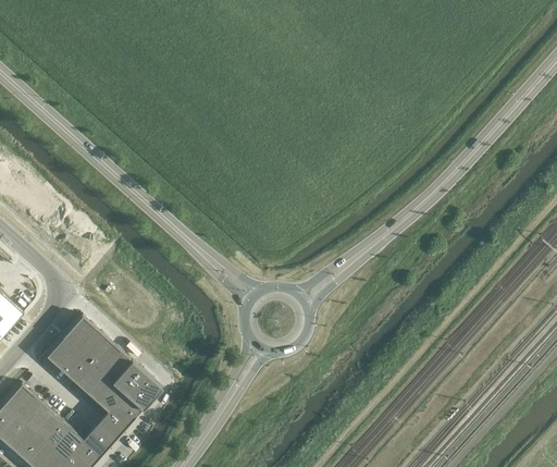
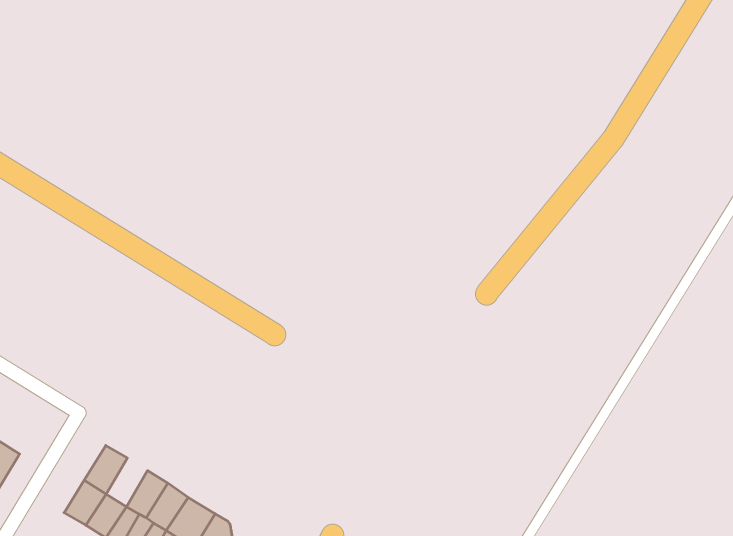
building: [77,329,108,361] -> none

